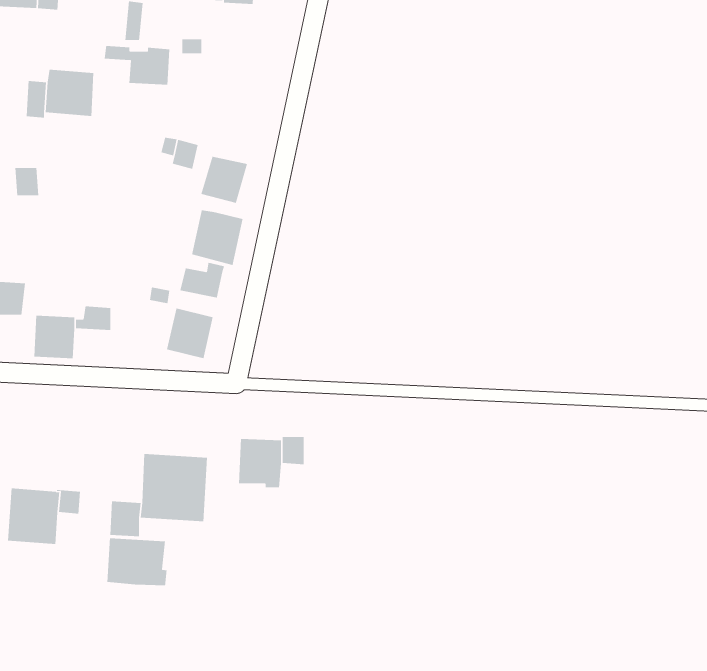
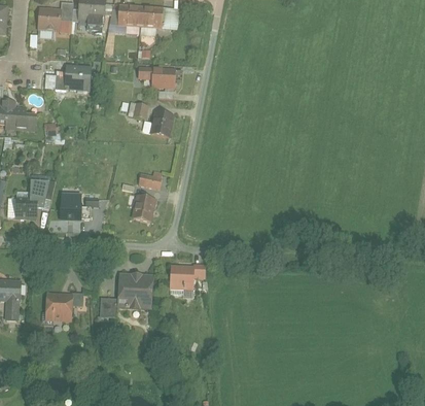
building: [104,45,170,85] -> [138,67,174,89]
building: [192,209,243,266] -> none
building: [107,538,167,586] -> none

